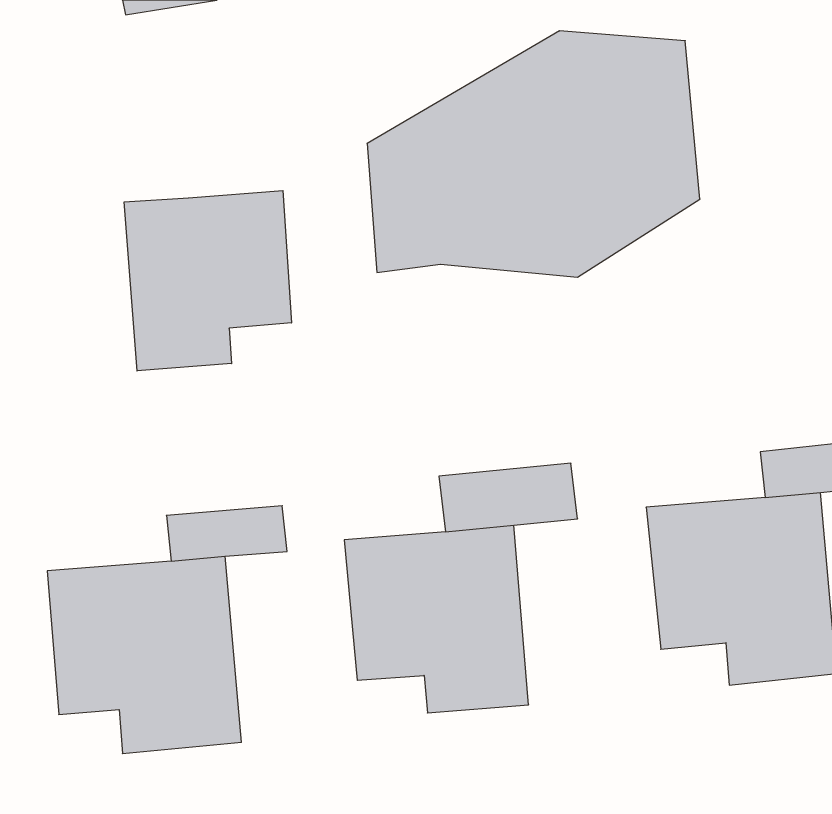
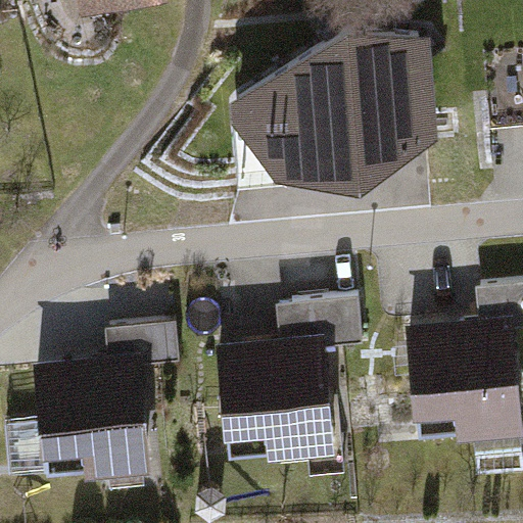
building: [124,191,291,371] -> none

